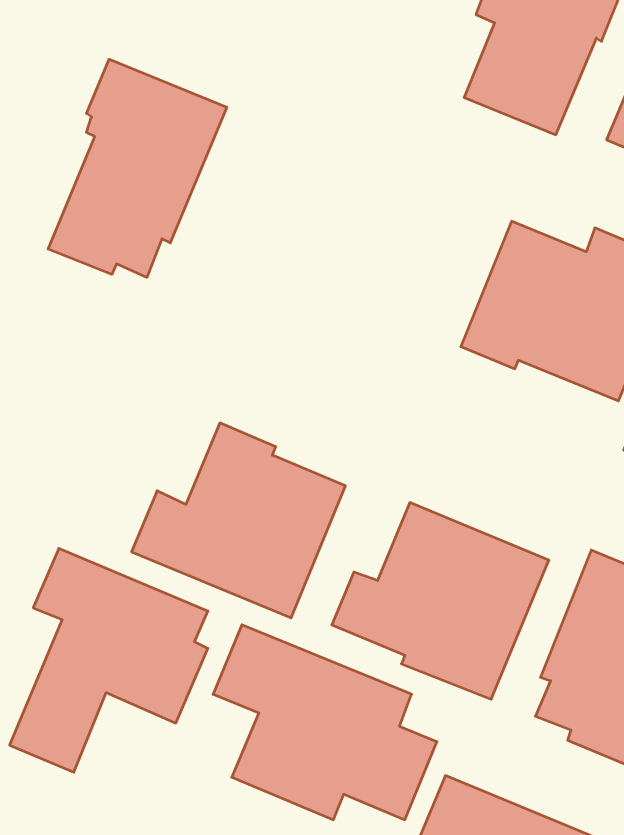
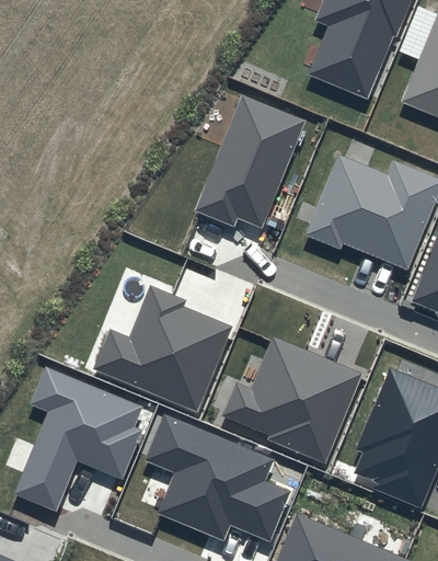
building: [48,59,227,277] -> none
building: none -> [194,94,306,229]

